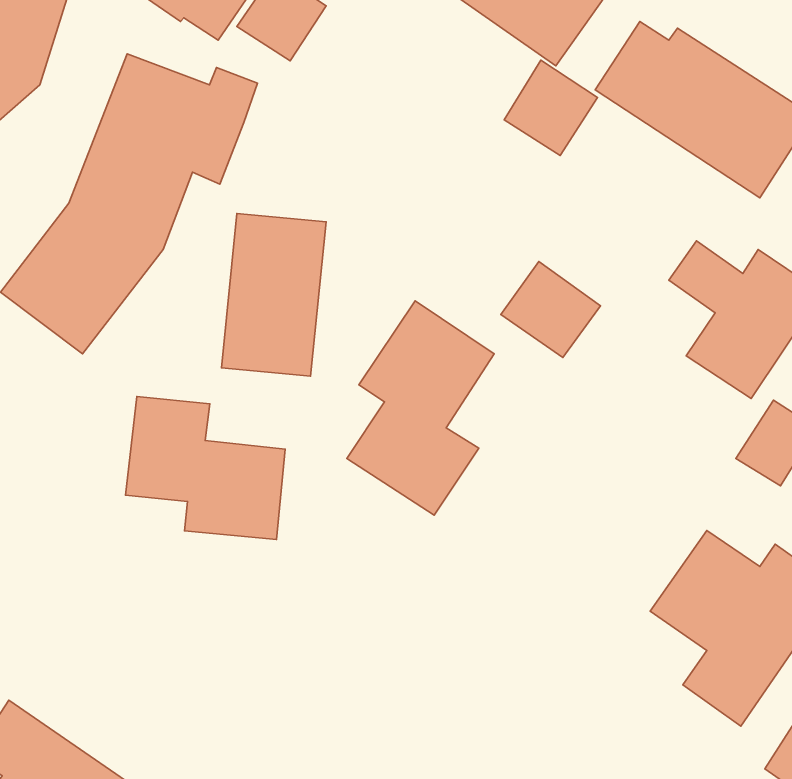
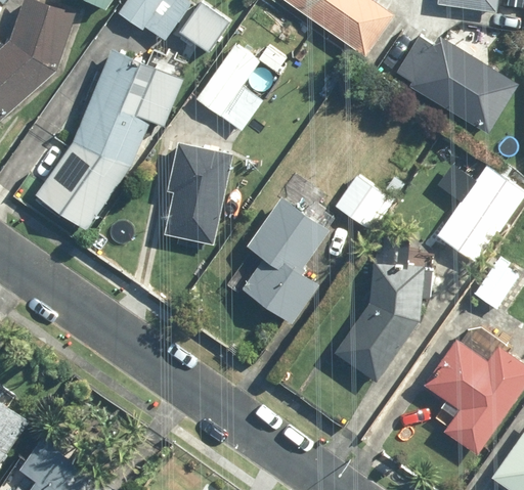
building: none -> [194,43,264,133]
building: [504,60,598,155] -> none
building: [126,397,285,539] -> none
building: none -> [334,261,433,383]

